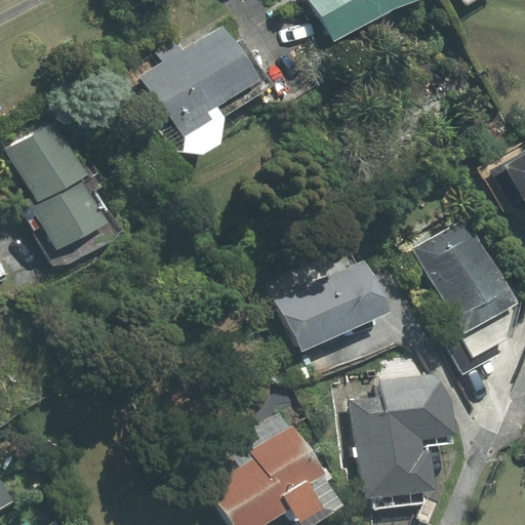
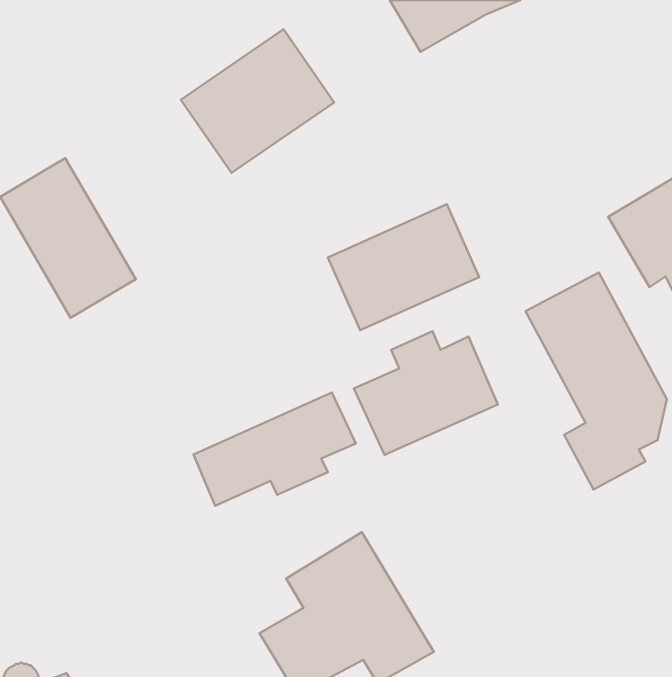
building: none -> [328,204,479,330]
building: none -> [193,393,356,506]
building: [347,374,459,512] -> none

